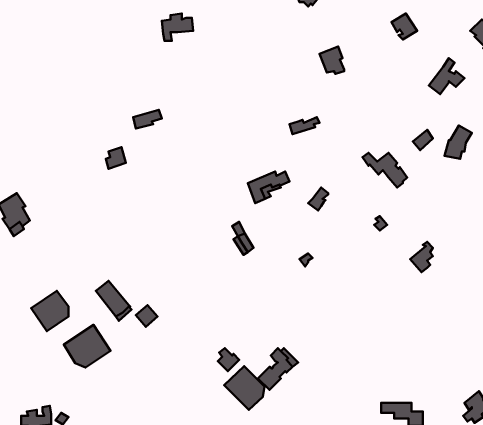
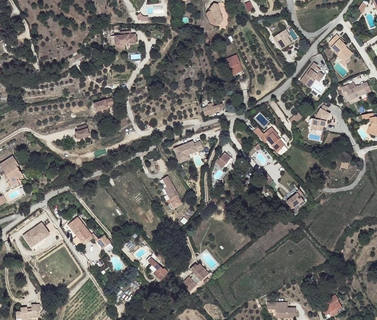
building: [64,325,110,367] -> none
building: [224,366,264,410] -> none

